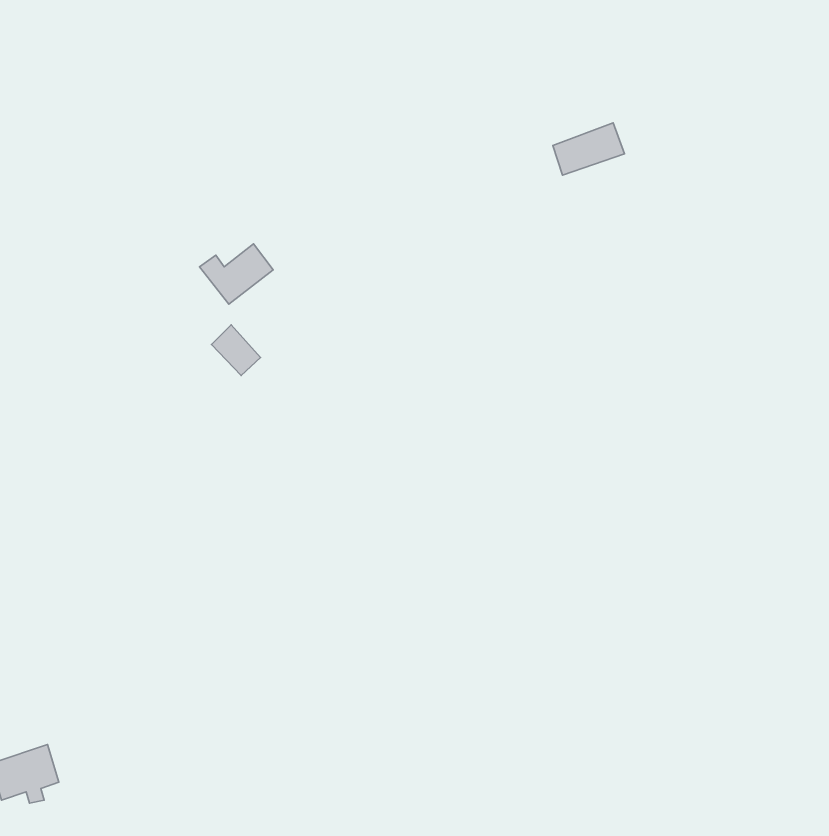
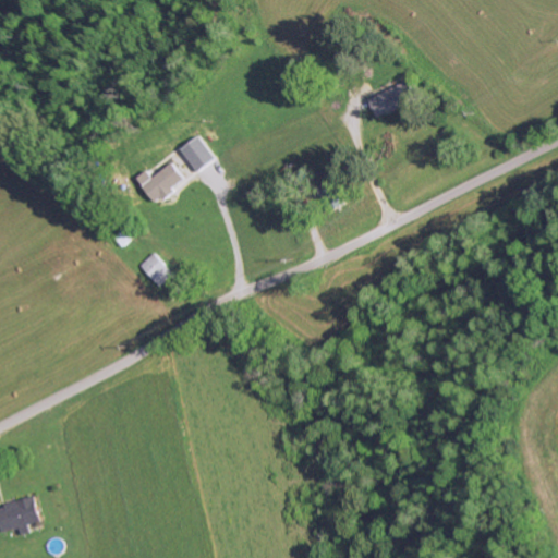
building: none -> [178,135,213,171]
building: [212,325,261,376] -> [138,253,171,287]

